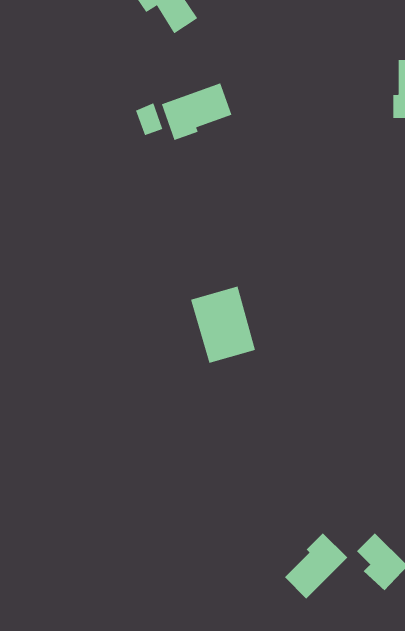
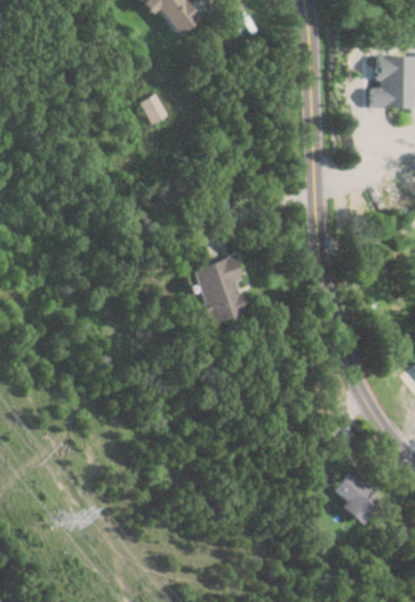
building: [161,83,232,141] -> none
building: [284,532,348,599] -> none

